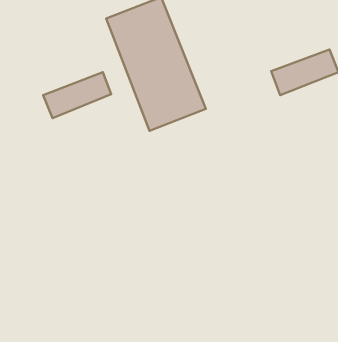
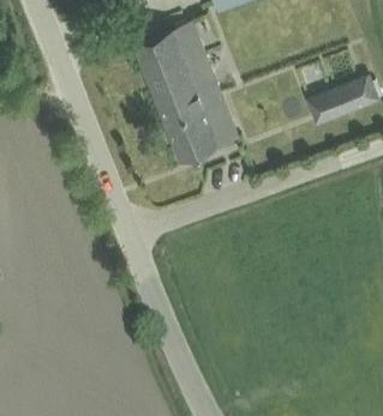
building: [43,72,111,118] -> none

